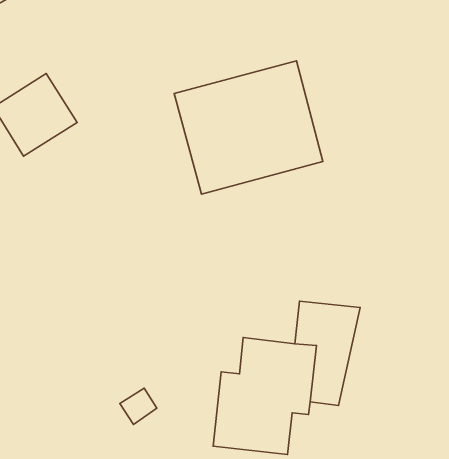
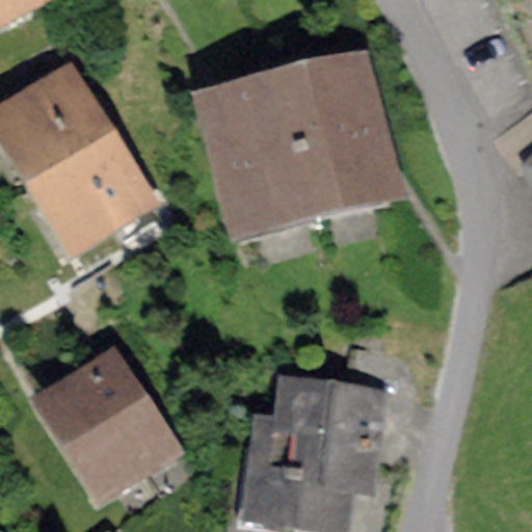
building: none -> [27,140,124,235]
building: none -> [37,363,151,481]

